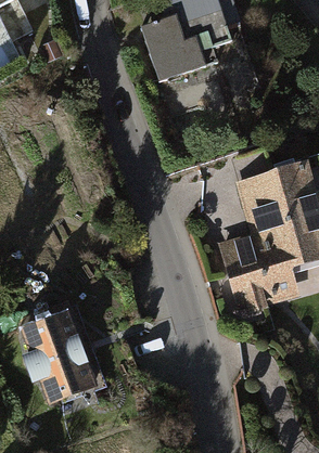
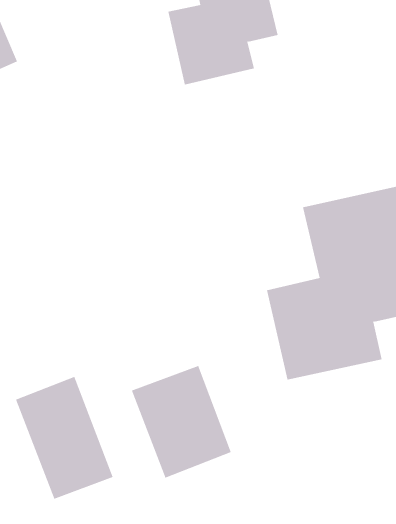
building: none -> [131,365,231,478]

